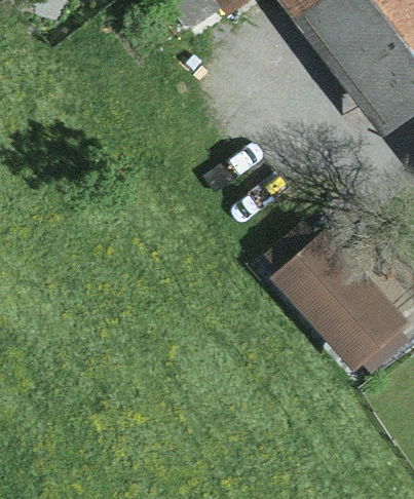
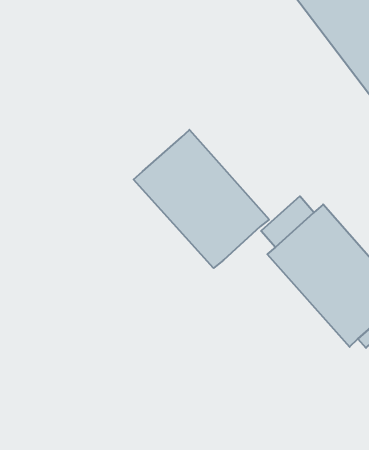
building: none -> [134,130,269,268]

